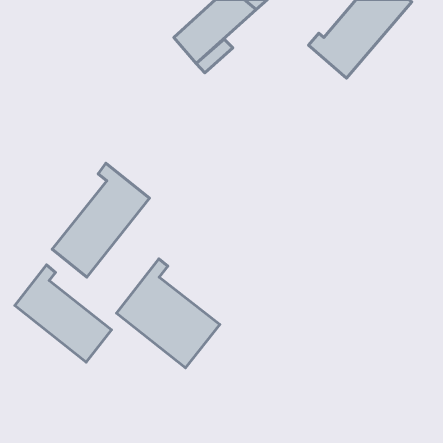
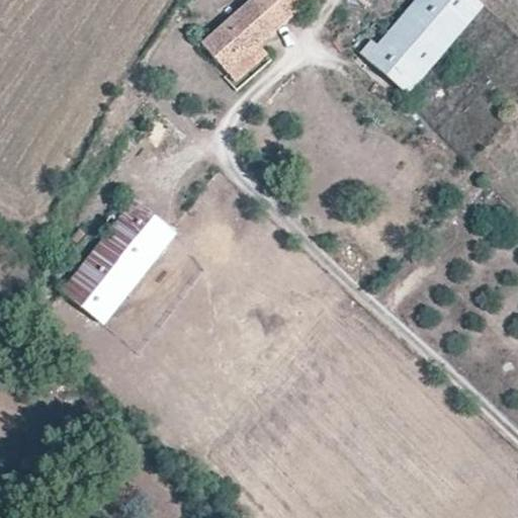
building: [116,259,220,368] -> none
building: [15,265,112,362] -> none

